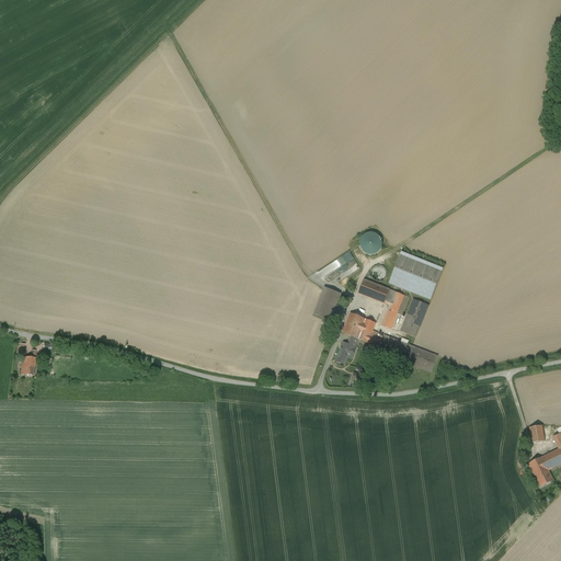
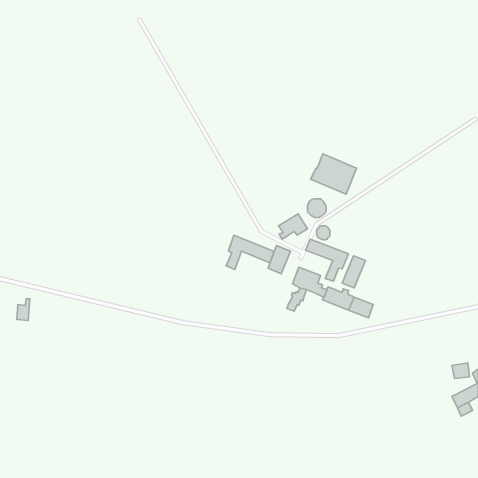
building: [388,252,442,299] -> [311,154,356,194]
building: none -> [226,235,274,270]

